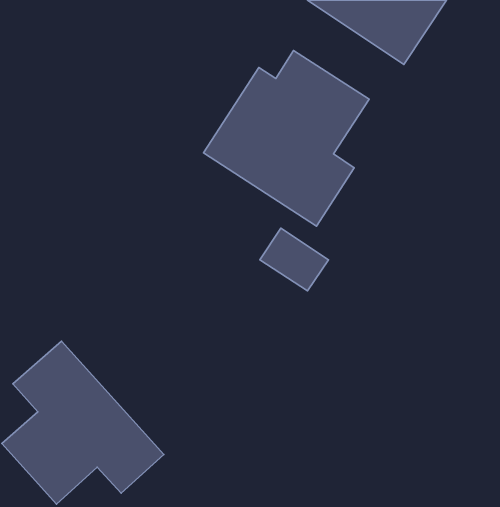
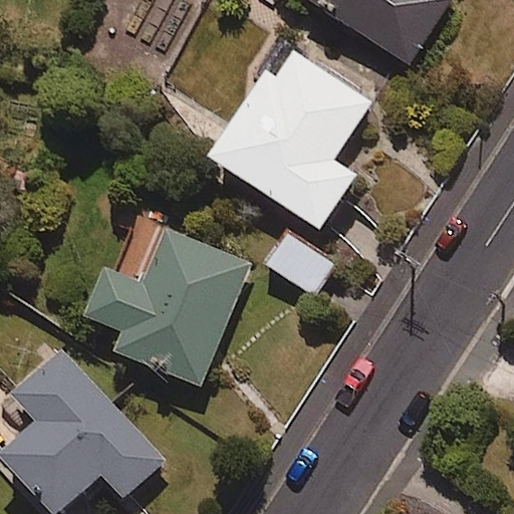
building: none -> [82,232,245,384]

